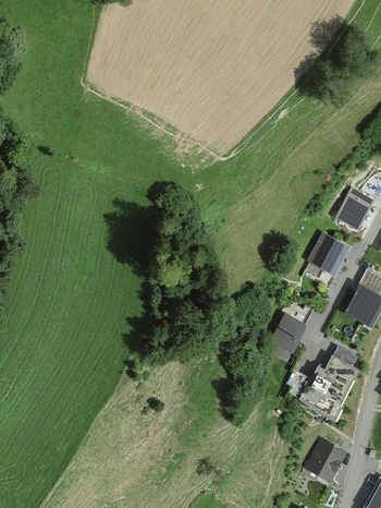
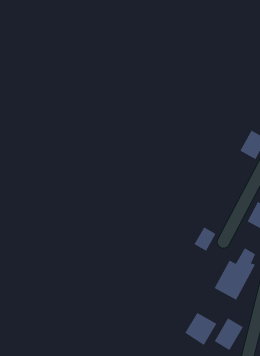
building: [308,232,349,275] -> none
building: none -> [184,312,217,346]

